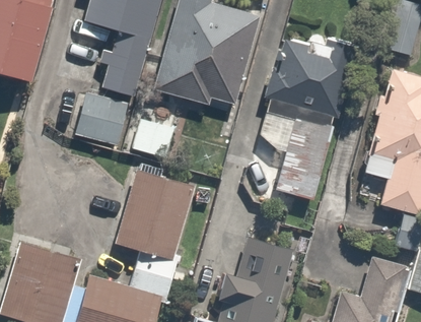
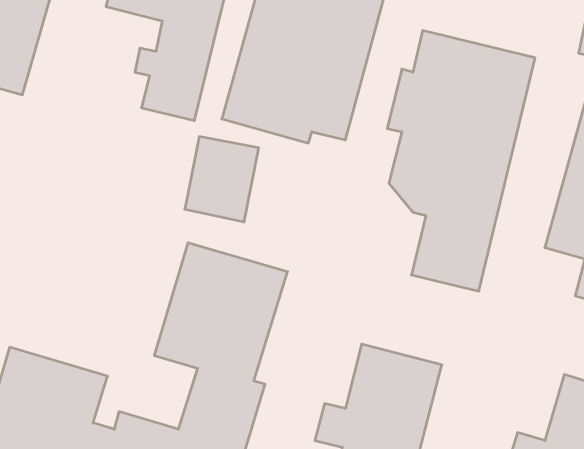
building: [76,93,128,146] -> none

